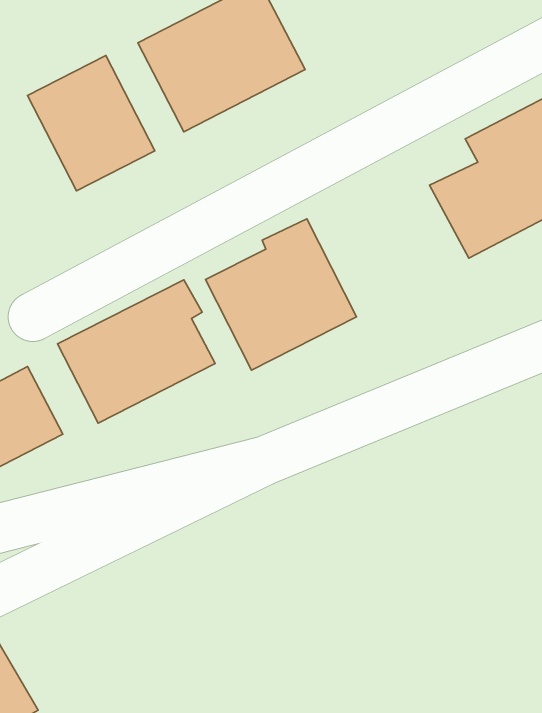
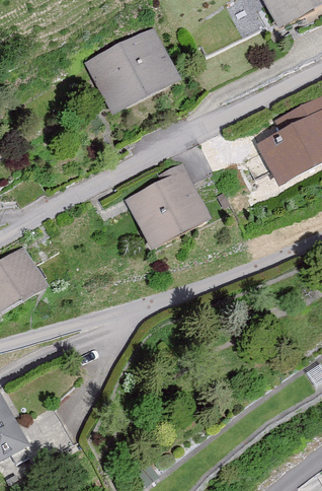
building: [28,56,155,191] -> none
building: [58,280,215,423] -> none

